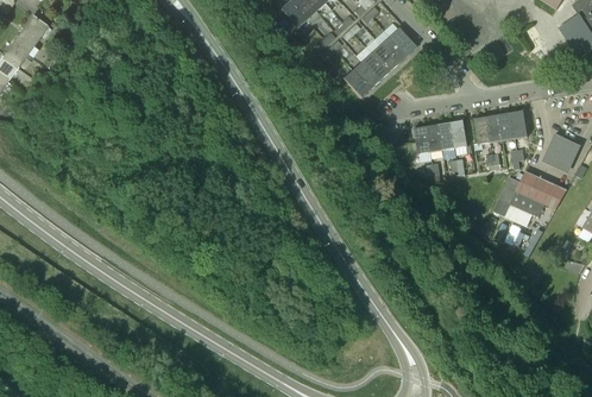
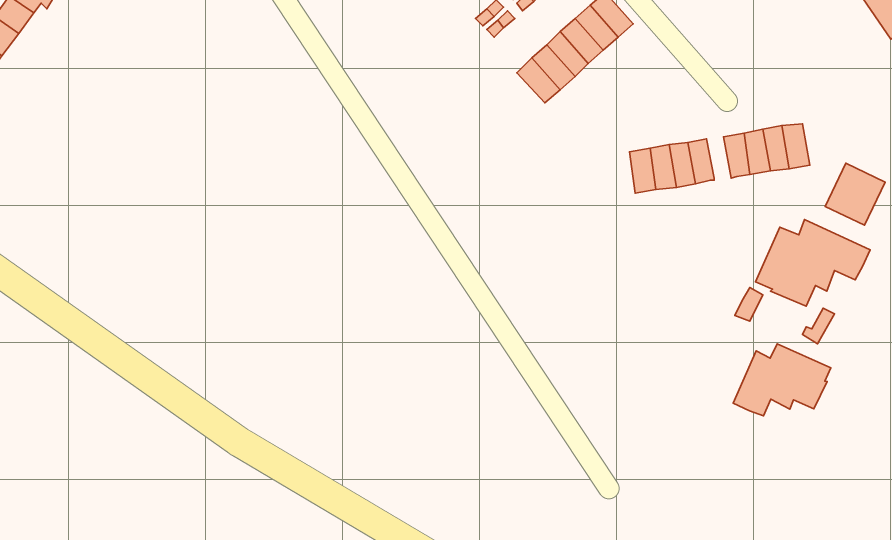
building: none -> [733,344,831,416]

